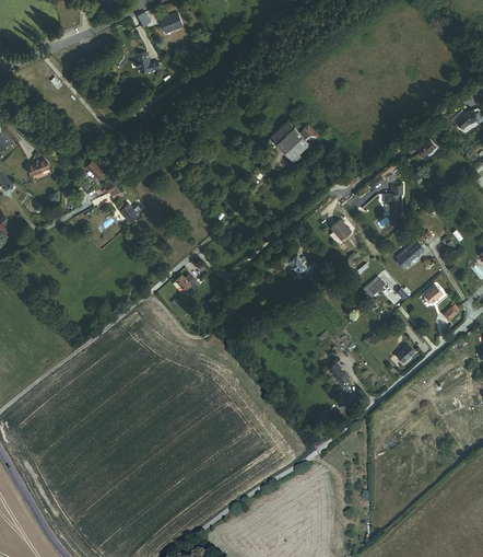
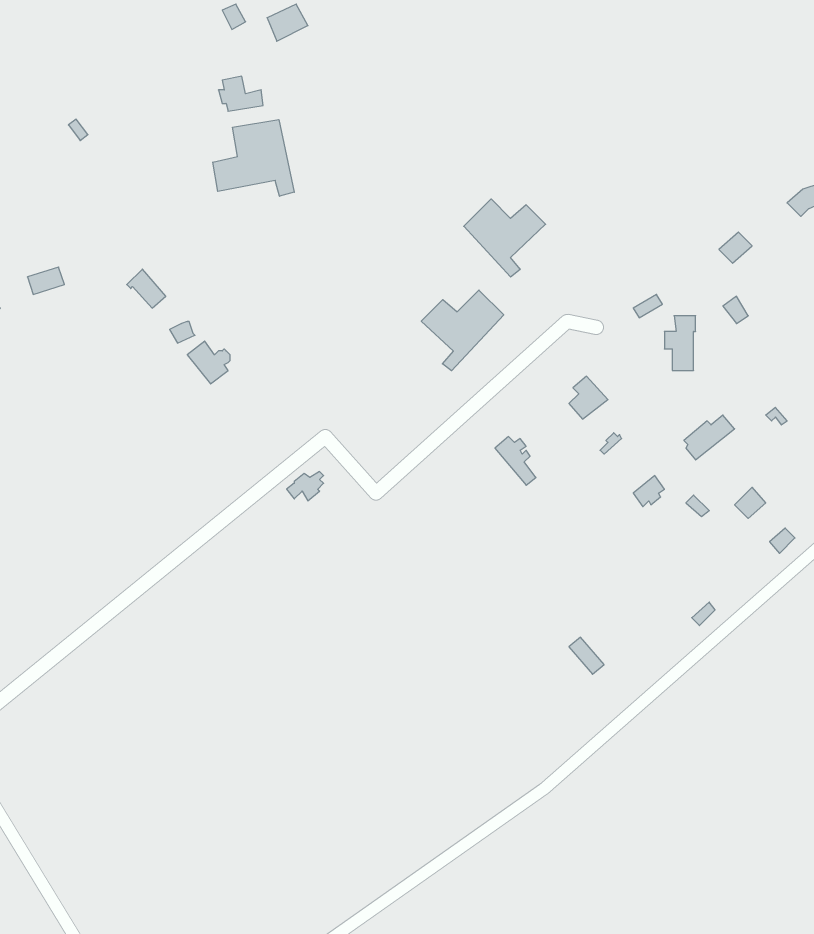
building: none -> [213,120,294,196]
building: none -> [421,290,504,371]

